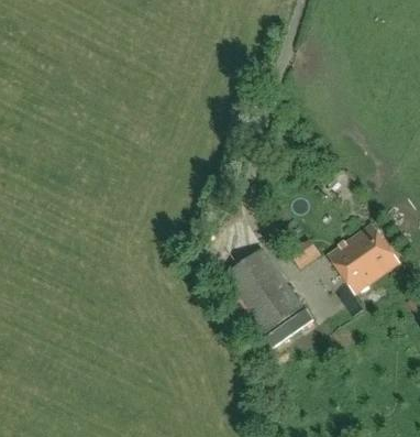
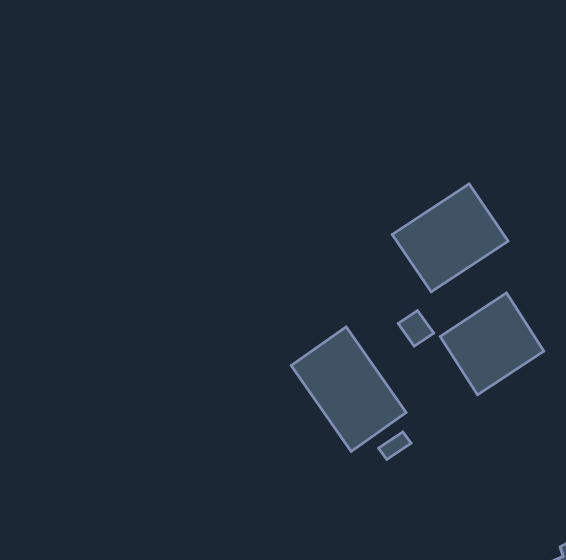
building: none -> [392,184,508,292]

